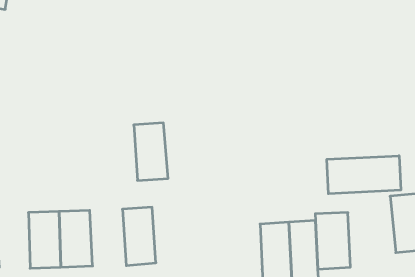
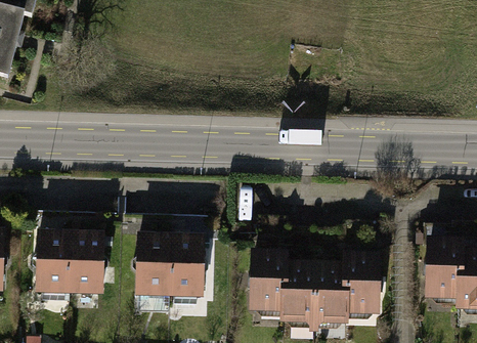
building: [134,123,168,180] -> [171,238,204,297]
building: [327,156,401,194] -> none
building: none -> [250,252,285,311]

